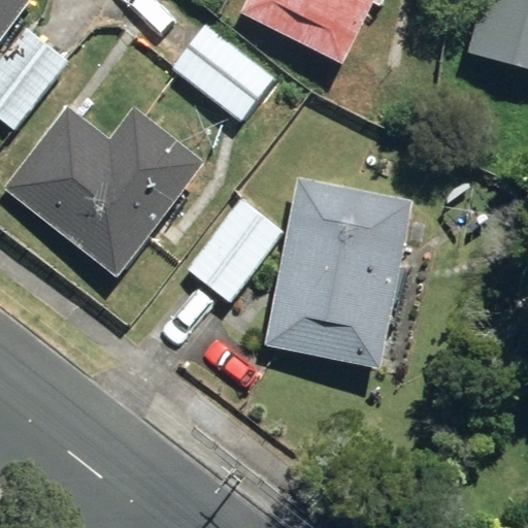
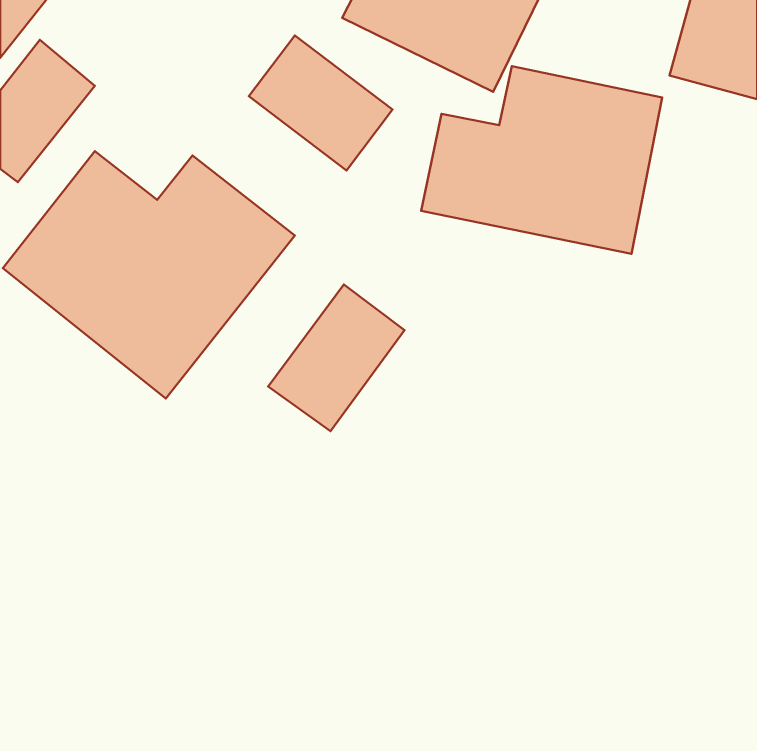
building: none -> [421,66,662,254]
building: [265,178,415,367] -> none

